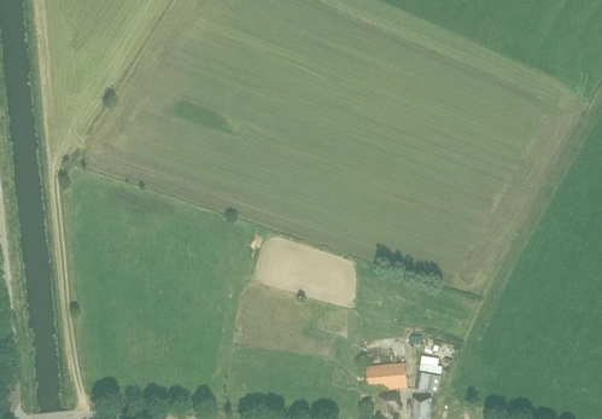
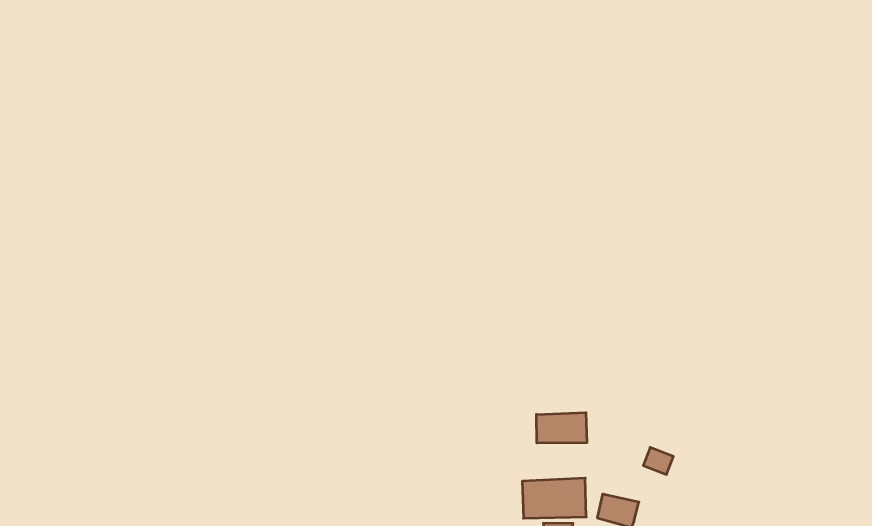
building: none -> [536,413,587,443]

